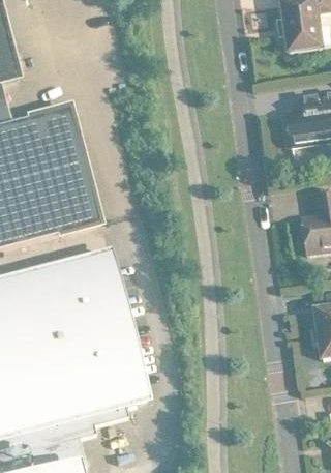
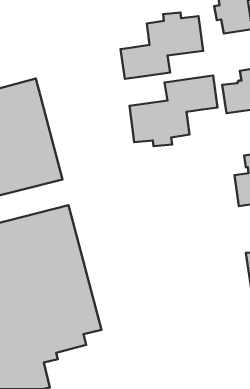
building: none -> [120,13,203,79]
building: none -> [129,76,218,146]

